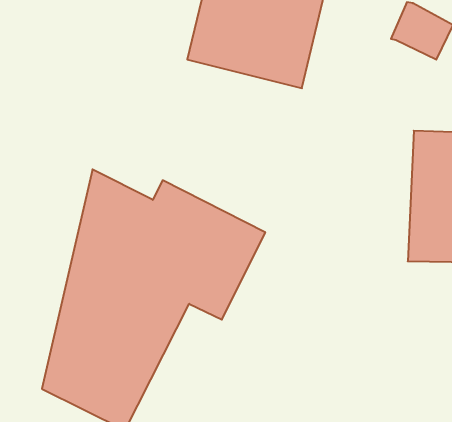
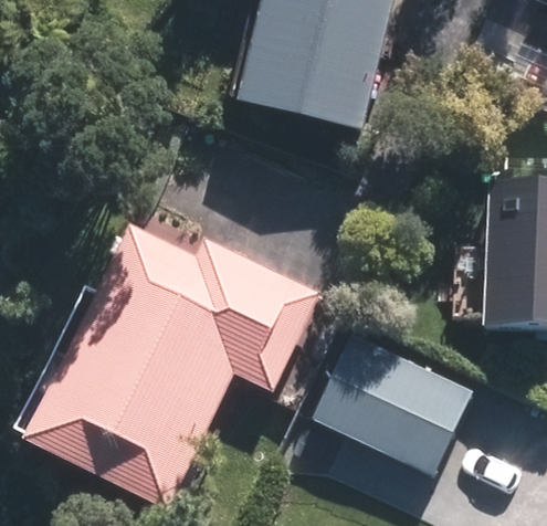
building: none -> [313,333,471,474]

